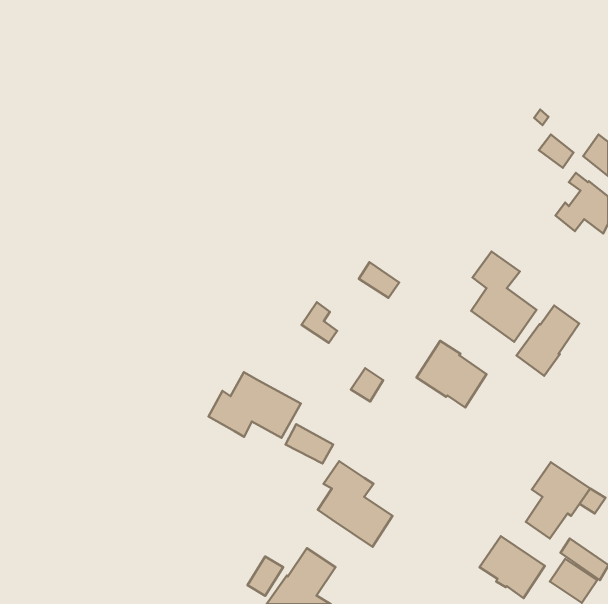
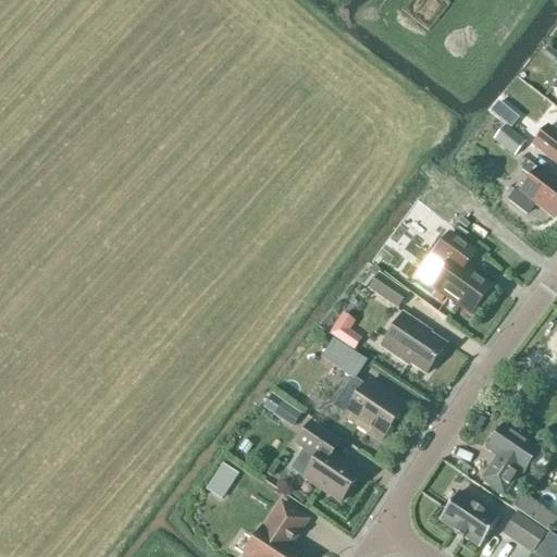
building: [359,262,399,298] -> [369,272,406,305]
building: [301,302,337,343] -> [329,310,361,347]
building: [517,305,579,376] -> none
building: [209,372,301,438] -> none
building: none -> [333,375,404,438]
building: [247,557,283,596] -> [206,461,238,497]

